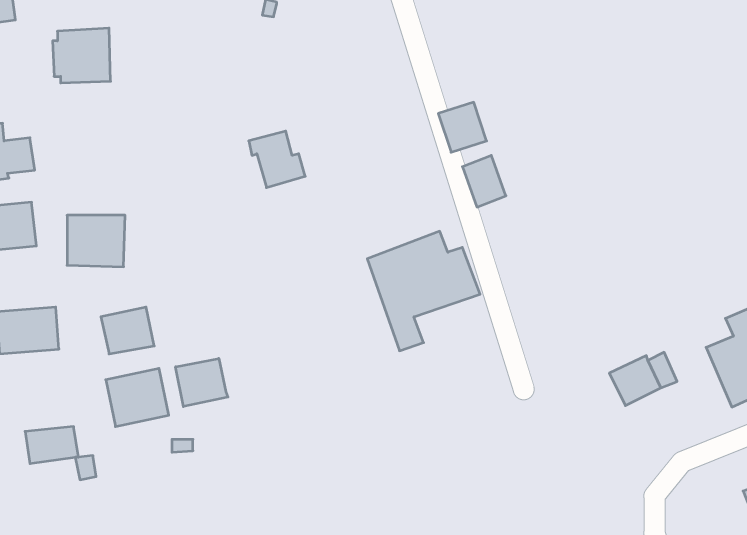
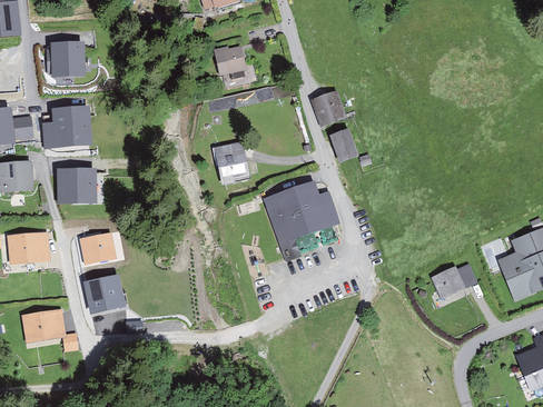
building: none -> [217,48,245,77]
building: none -> [41,107,92,148]
building: [249,131,305,188] -> [214,145,253,183]
building: [176,358,228,407] -> none

